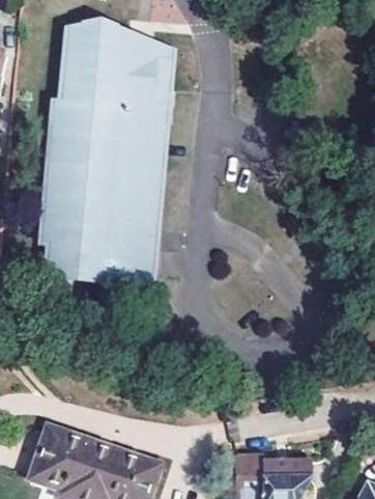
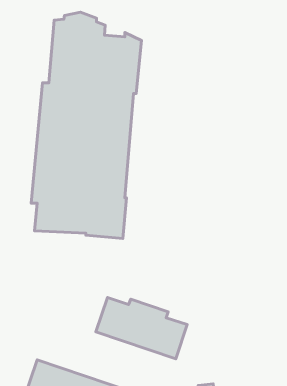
building: none -> [96,298,187,359]

